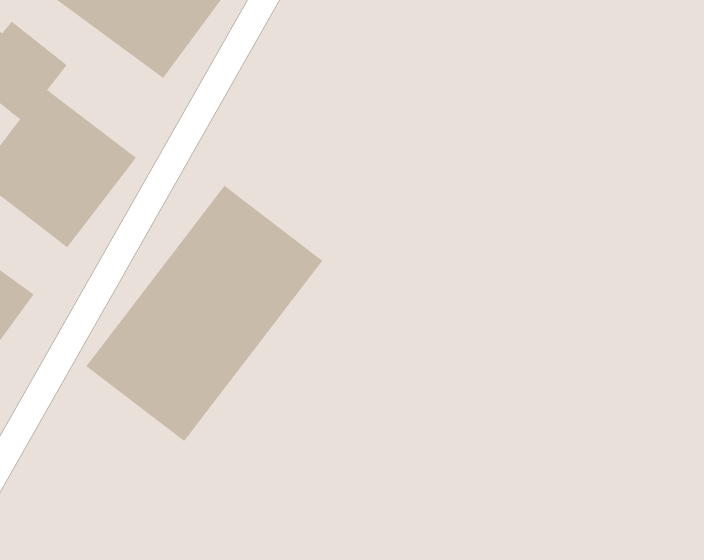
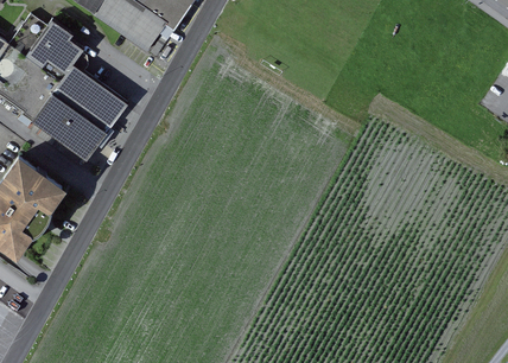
building: [85,185,323,442] -> none

